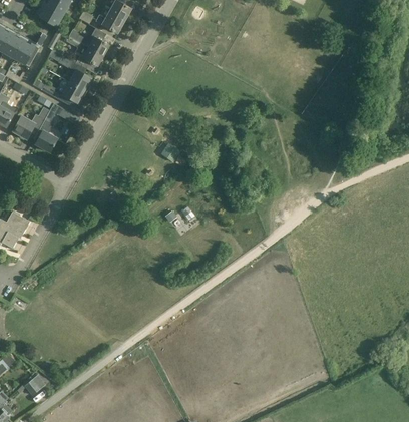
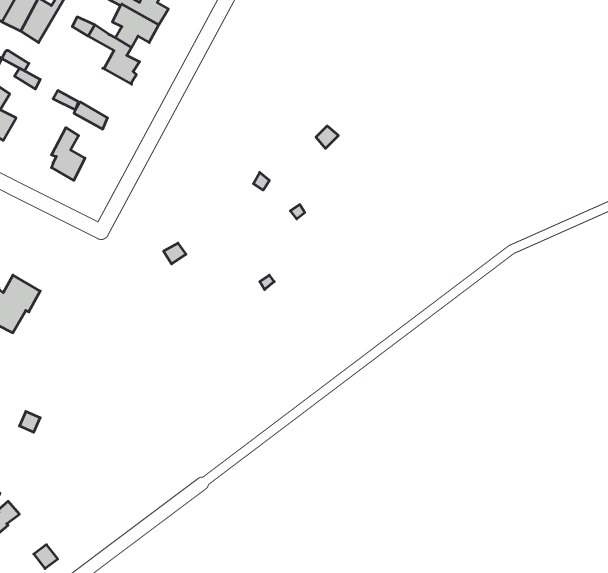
building: [44,79,86,108] -> none
building: [13,116,45,139] -> none

